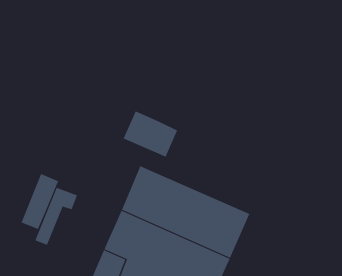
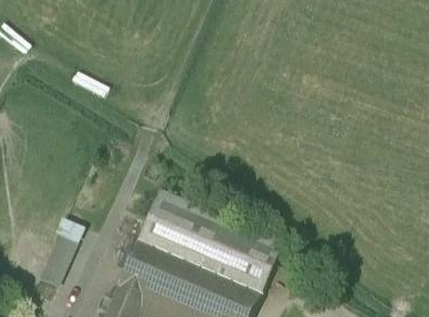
building: [123,111,178,158] -> none
building: [21,173,59,230] -> none

